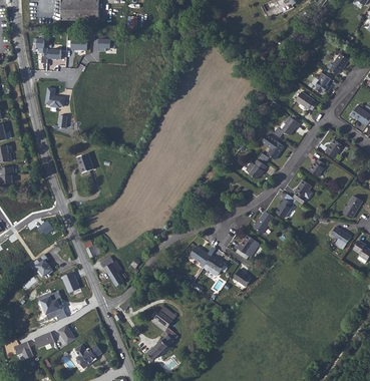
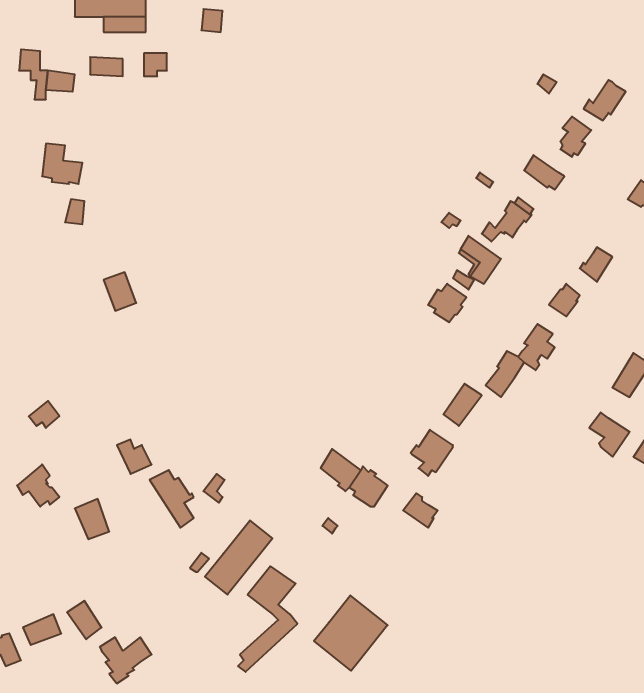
building: none -> [205,520,272,595]
building: [36,290,66,320] -> none
building: none -> [314,595,388,671]

